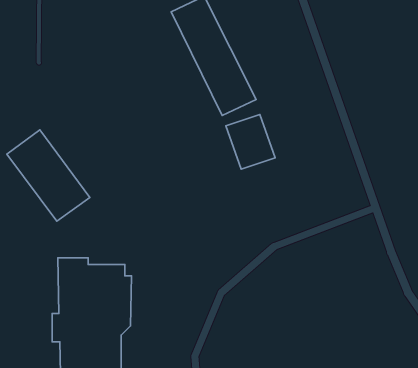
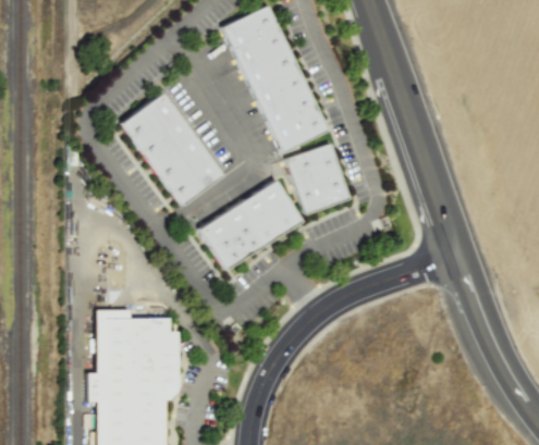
building: [7,130,90,221] -> [123,94,219,199]
building: none -> [200,181,301,269]

